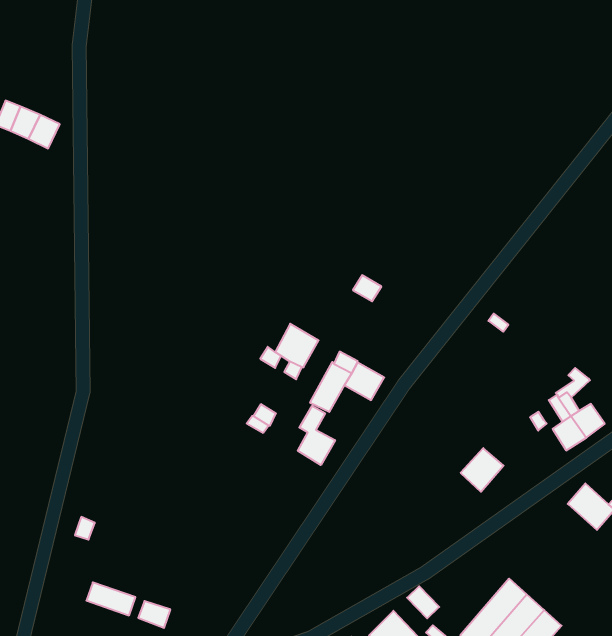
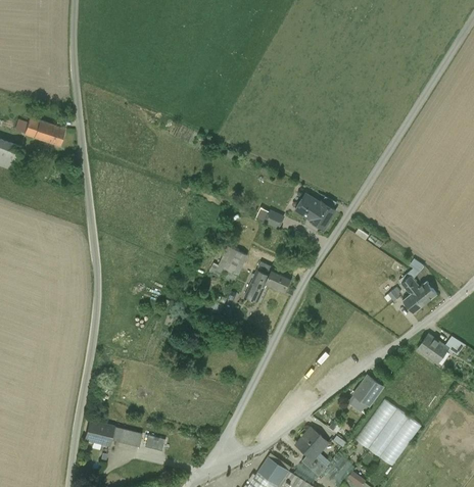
building: none -> [295,194,337,229]
building: [298,406,335,465] -> none
building: [461,448,504,492] -> [354,377,382,405]
building: none -> [85,422,113,445]

